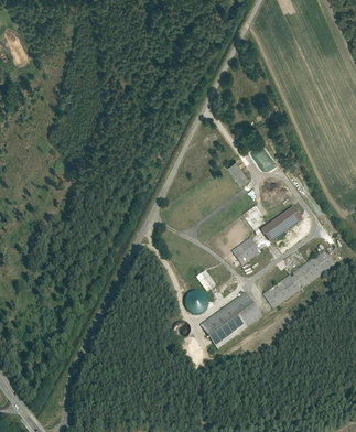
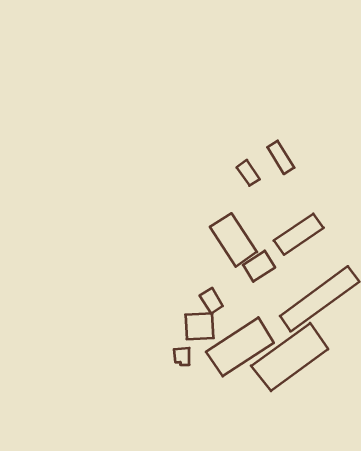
building: none -> [210,213,257,267]
building: none -> [251,323,328,391]

